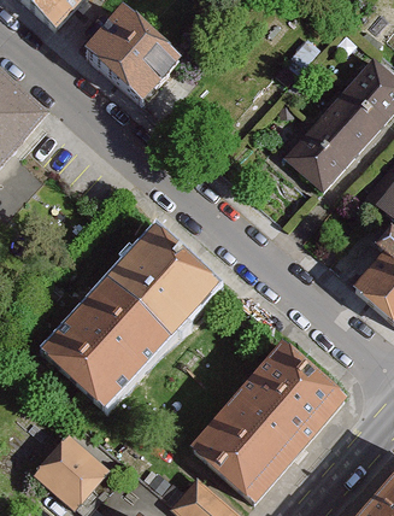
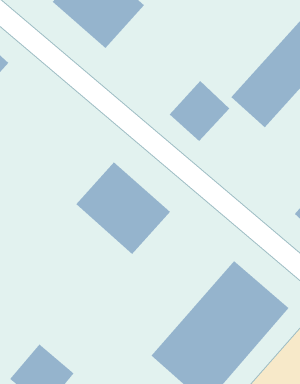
building: none -> [169,80,230,142]
building: [40,277,171,409] -> none

